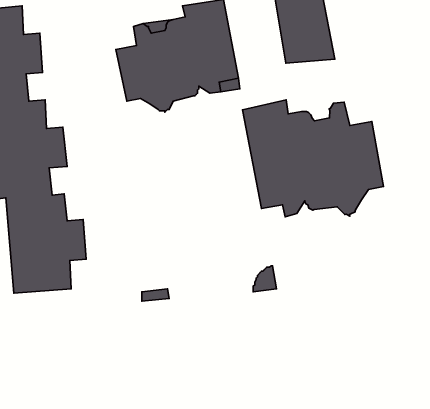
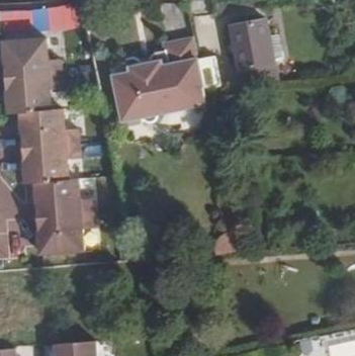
building: [242,100,383,217] -> none

